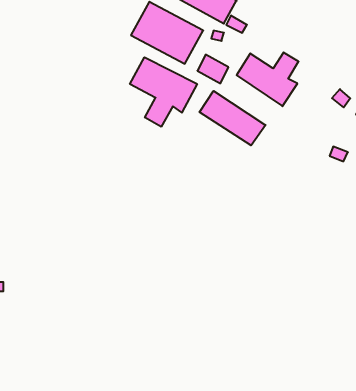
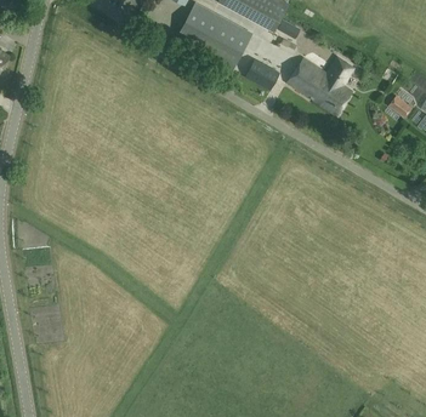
building: [130,57,197,127] -> none
building: [200,91,266,145] -> none

